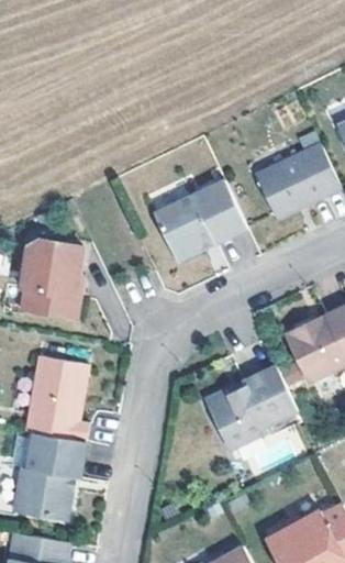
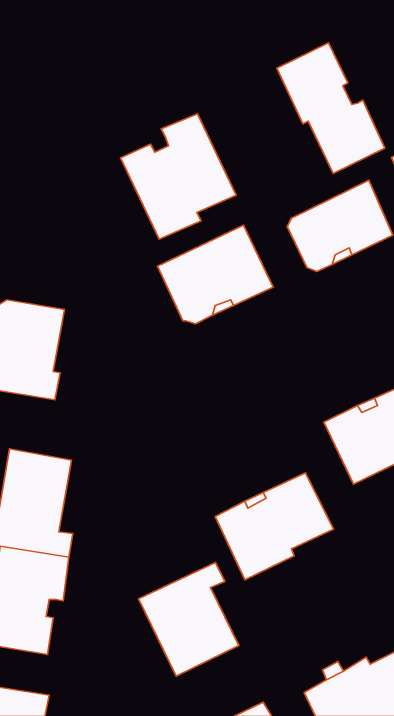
building: none -> [277,43,385,174]
building: none -> [121,114,236,239]
building: none -> [139,562,239,676]

